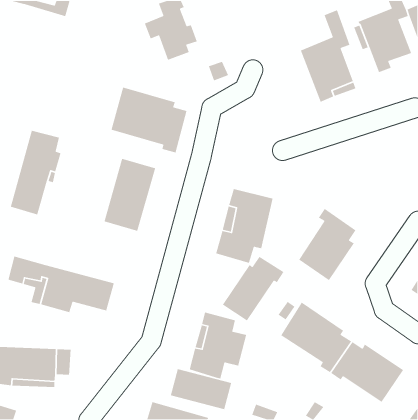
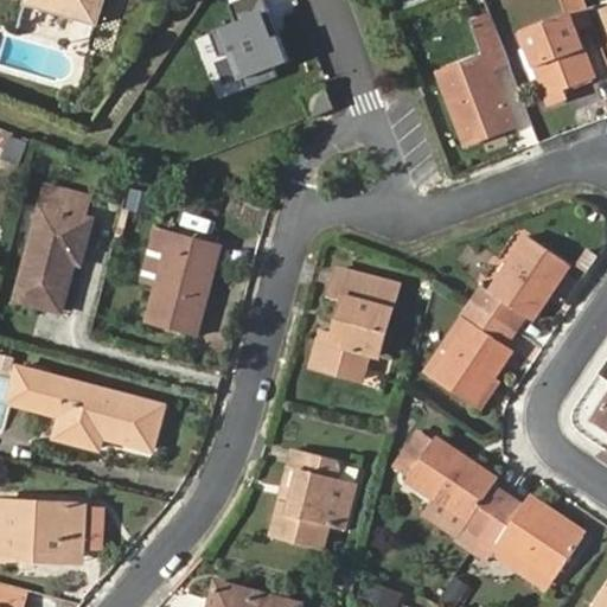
building: [110,87,188,153] -> none
building: none -> [468,235,569,332]
building: [222,256,284,322] -> none
building: [170,368,232,410] -> none

